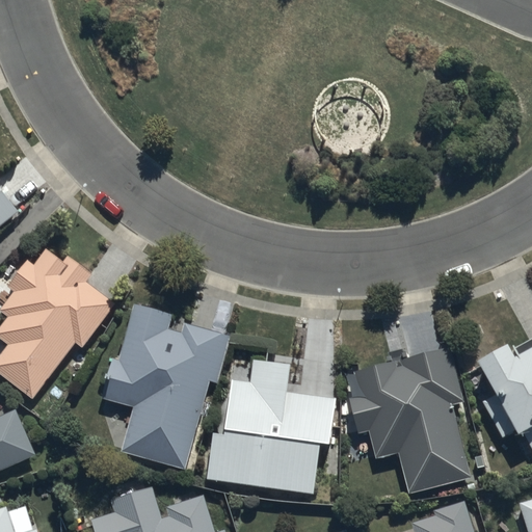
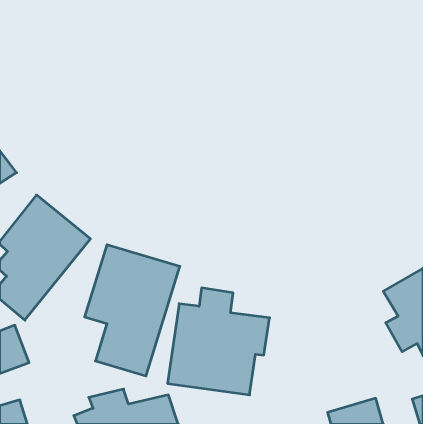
building: [348,347,469,491] -> none

